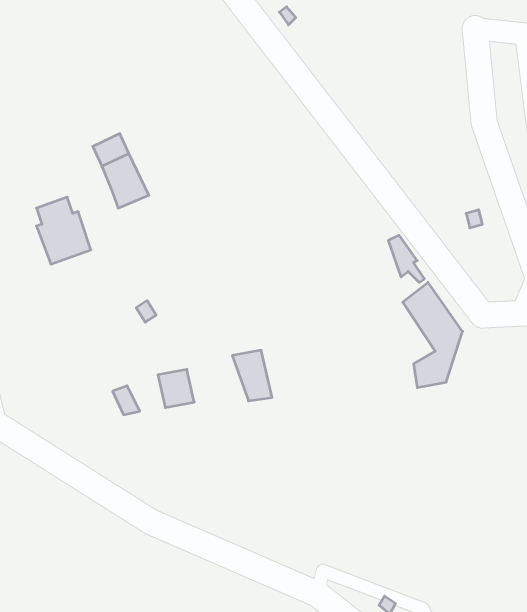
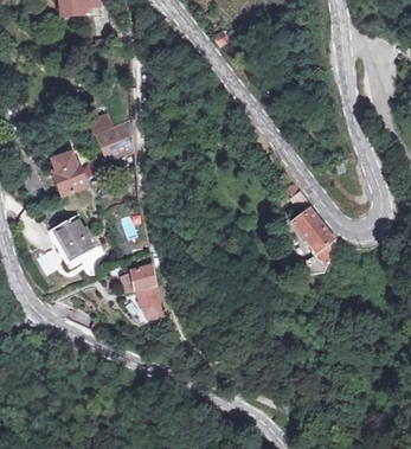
building: none -> [50,216,94,262]
building: [232,350,272,401] -> [136,286,162,319]

